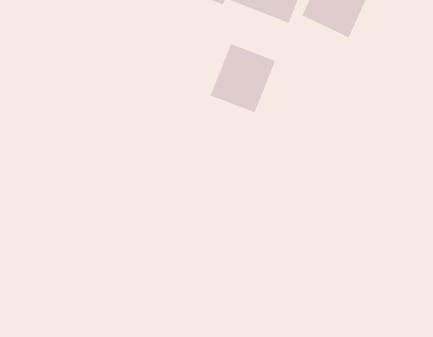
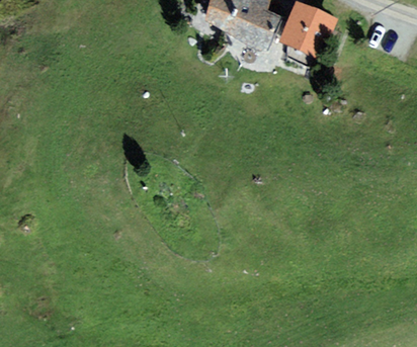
building: [210,43,276,113] -> none

